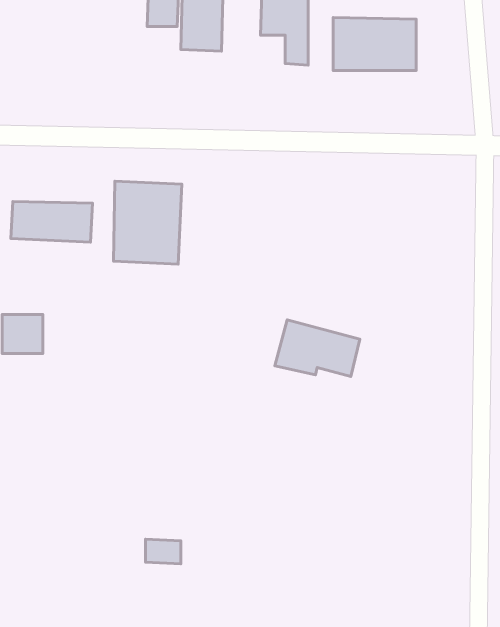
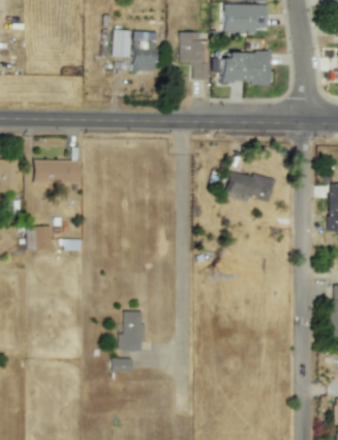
building: [113,181,182,264] -> none
building: [275,320,360,376] -> [224,169,274,202]
building: none -> [119,311,144,351]

